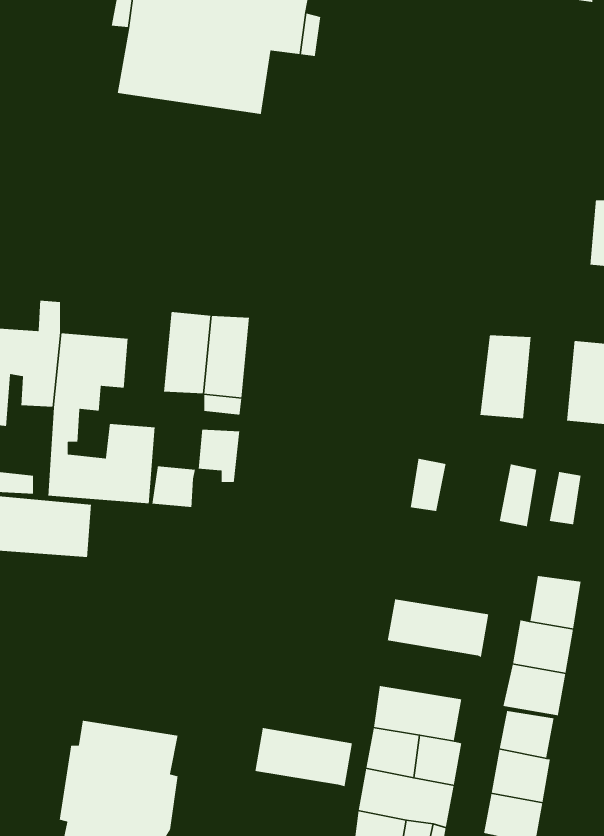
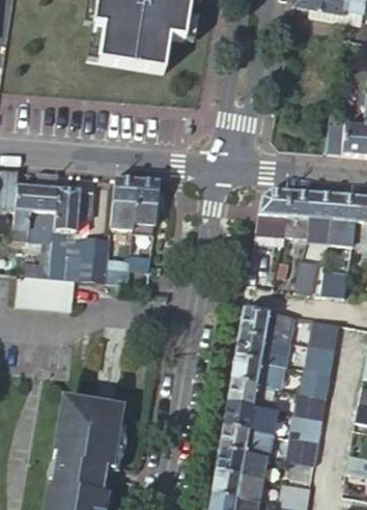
building: none -> [254,189,288,234]
building: none -> [307,192,334,237]
building: none -> [237,308,292,341]
building: [255,727,353,787] -> [229,356,282,388]

